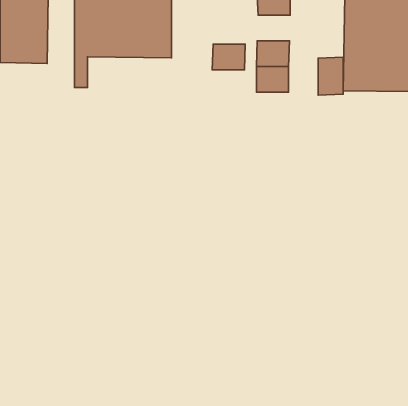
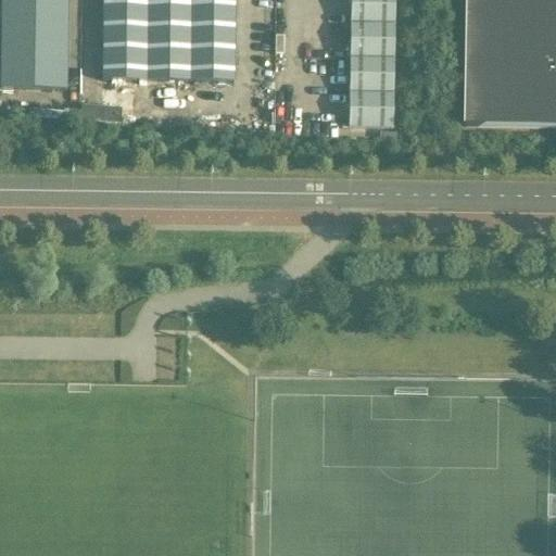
building: [212,44,245,70] -> [351,21,395,55]
building: [318,57,343,95] -> none

